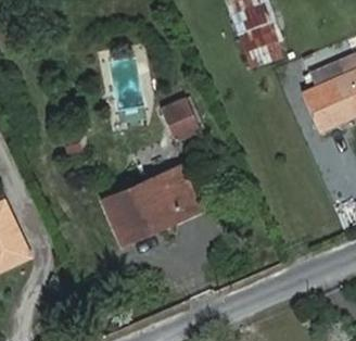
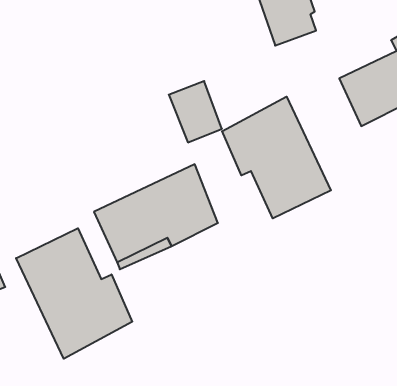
building: none -> [222,97,331,218]
building: none -> [16,228,132,359]

